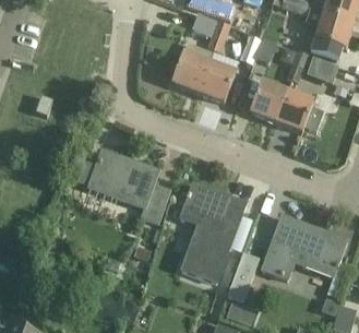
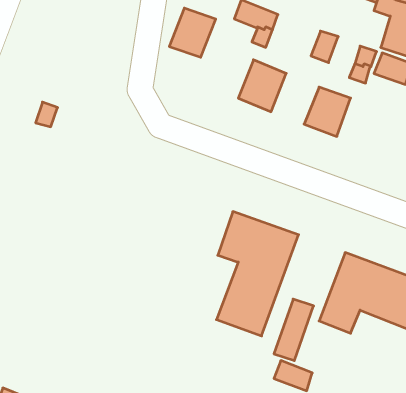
building: [172,52,210,92] -> [169,8,216,57]
building: [276,92,324,132] -> none
building: [89,148,169,223] -> none

